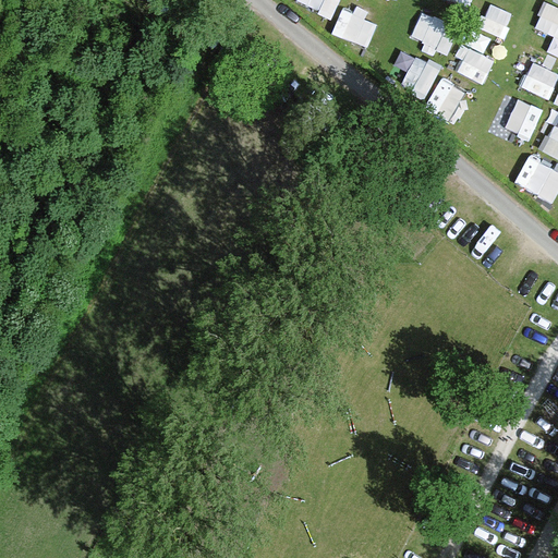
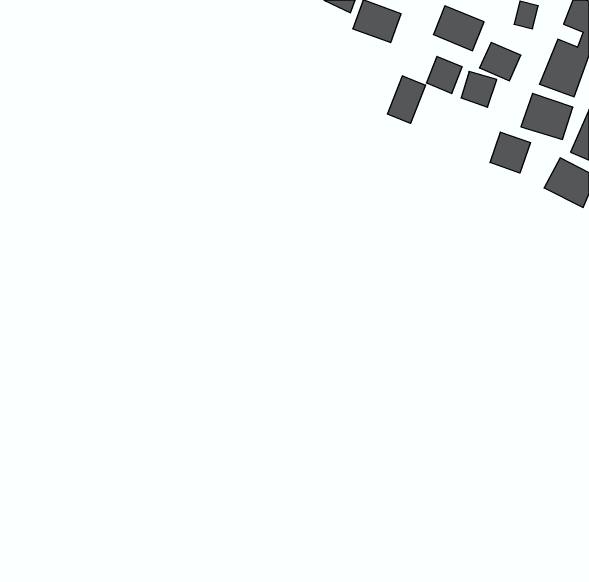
building: none -> [388,76,426,123]
building: none -> [490,132,530,173]

